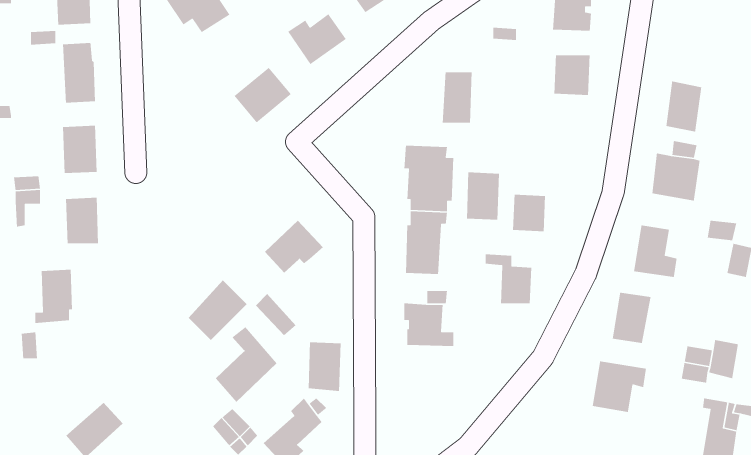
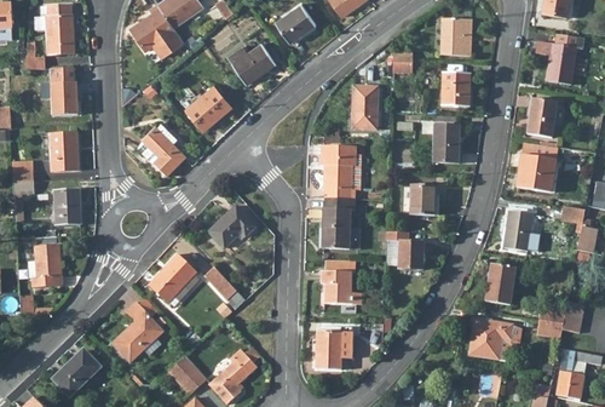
building: none -> [536,40,576,84]
building: none -> [137,125,185,173]
building: [466,172,500,221] -> [431,125,457,164]
building: [215,326,278,403] -> [113,302,162,362]
building: [308,341,341,392] -> [315,333,341,373]

